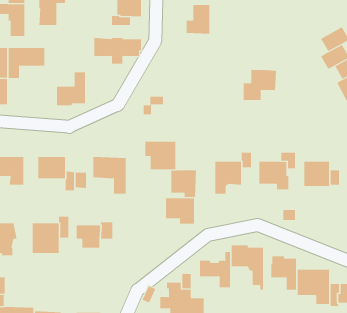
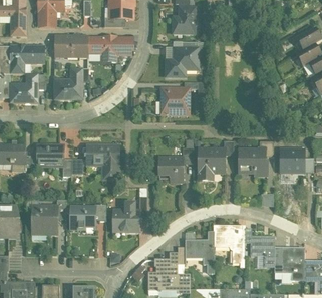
building: none -> [54,35,88,55]
building: [243,69,277,100] -> [167,47,198,75]
building: none -> [10,73,37,101]
building: [144,141,176,170] -> [160,87,190,113]
building: [165,198,195,224] -> [112,208,139,232]

